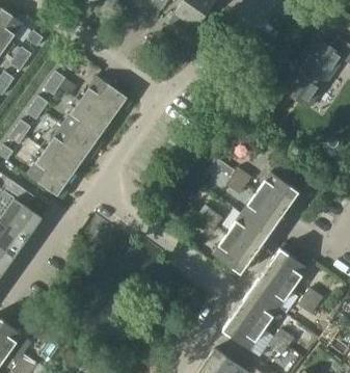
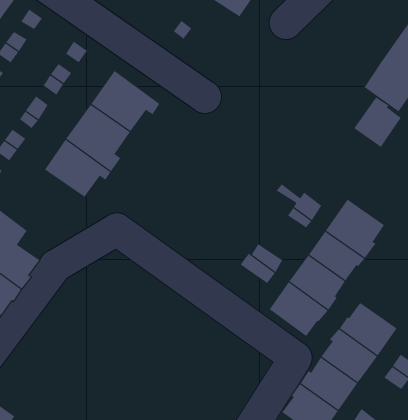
building: none -> [353,96,402,148]
building: [27,150,75,198] -> none

